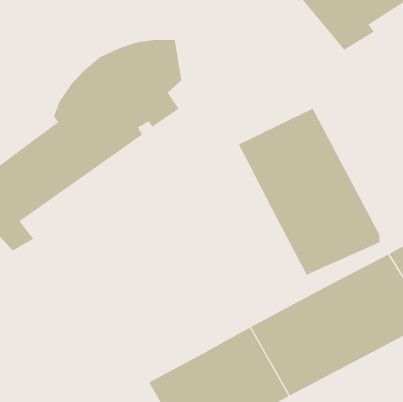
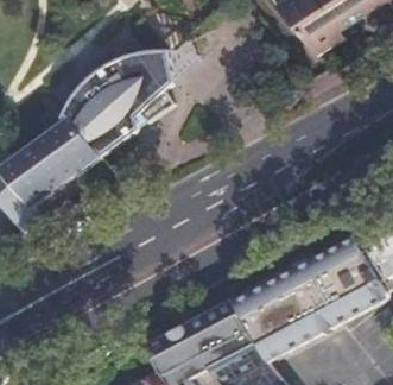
building: [238,108,380,275] -> none

